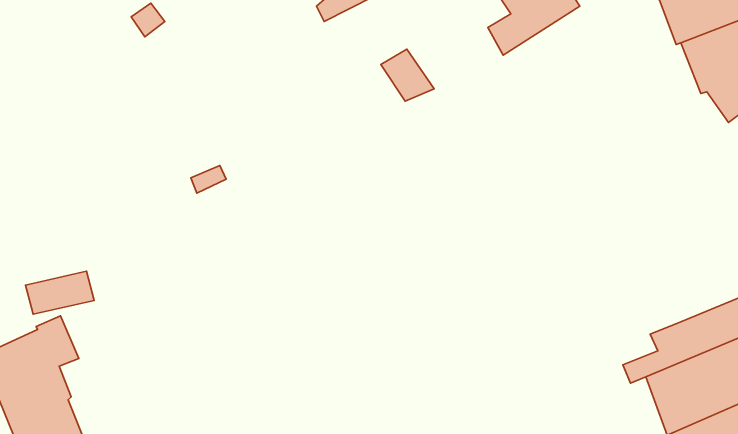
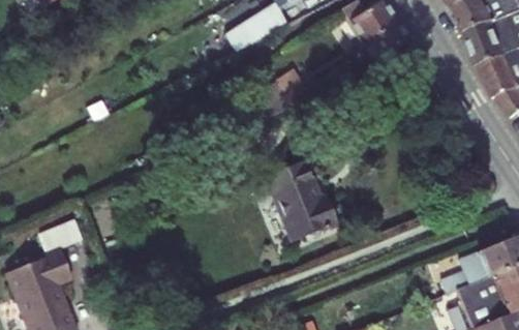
building: none -> [263,161,335,242]

